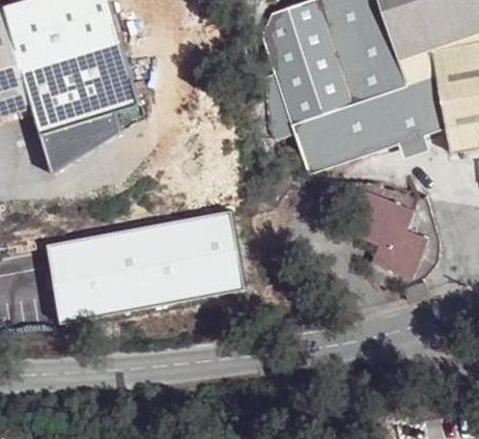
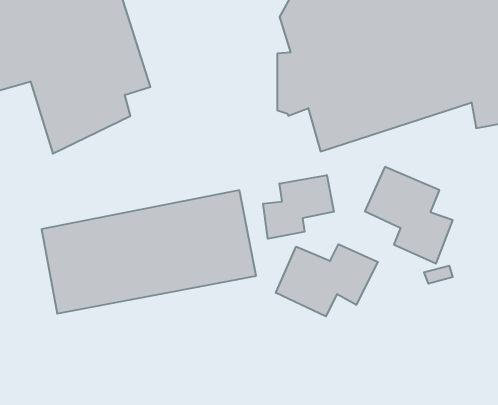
building: none -> [263,175,334,239]
building: none -> [276,244,378,316]

